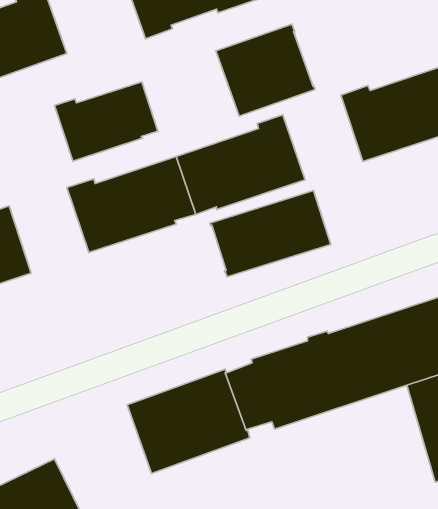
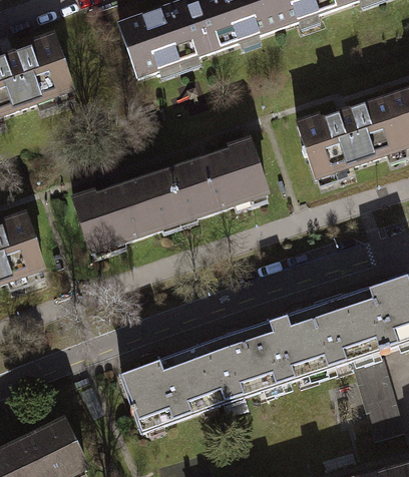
building: [216,24,315,116] -> none
building: [55,82,158,161] -> none
building: [210,191,331,277] -> none

